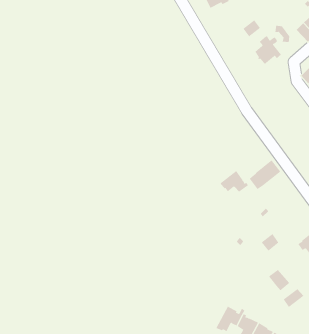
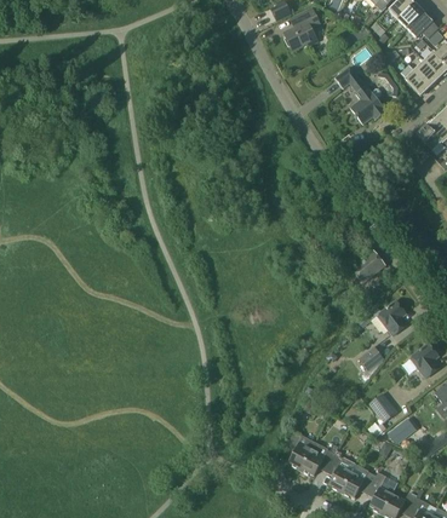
building: [219,170,249,193] -> none
building: none -> [377,300,408,335]
building: none -> [286,432,315,471]

